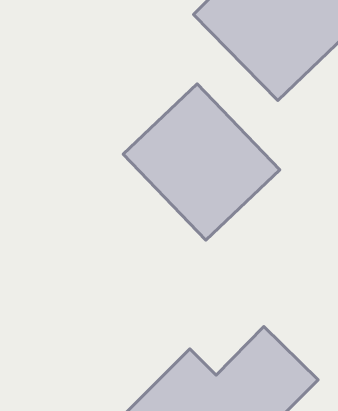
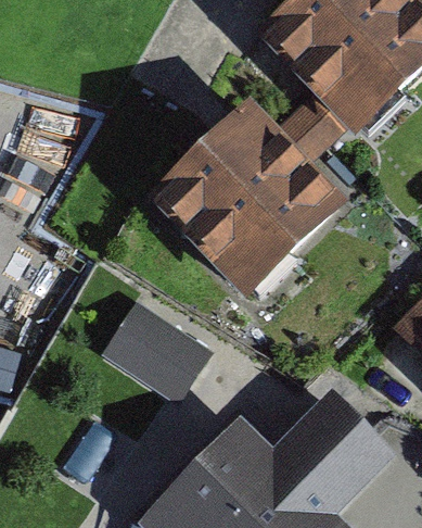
building: none -> [106,296,218,398]

